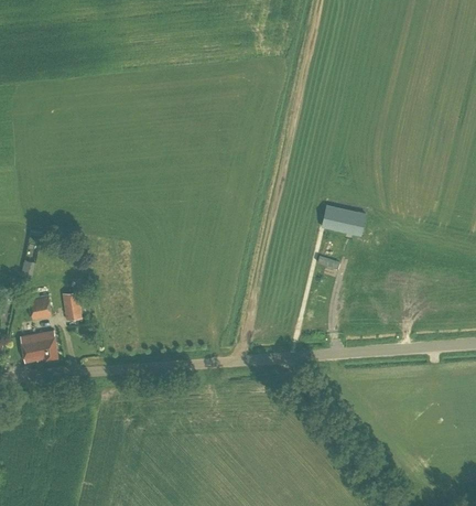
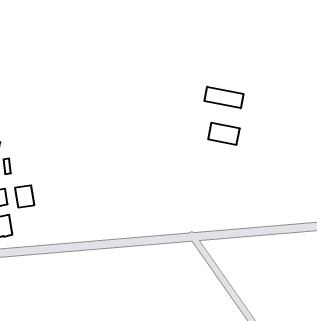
building: none -> [204,87,244,108]

